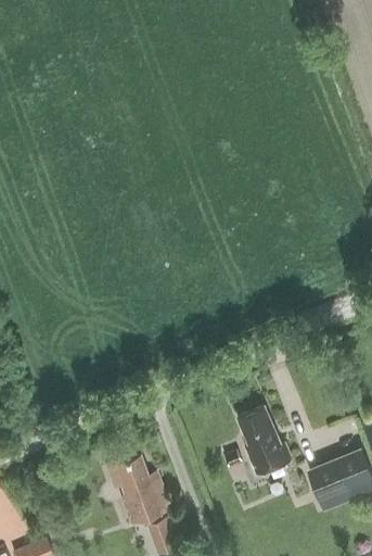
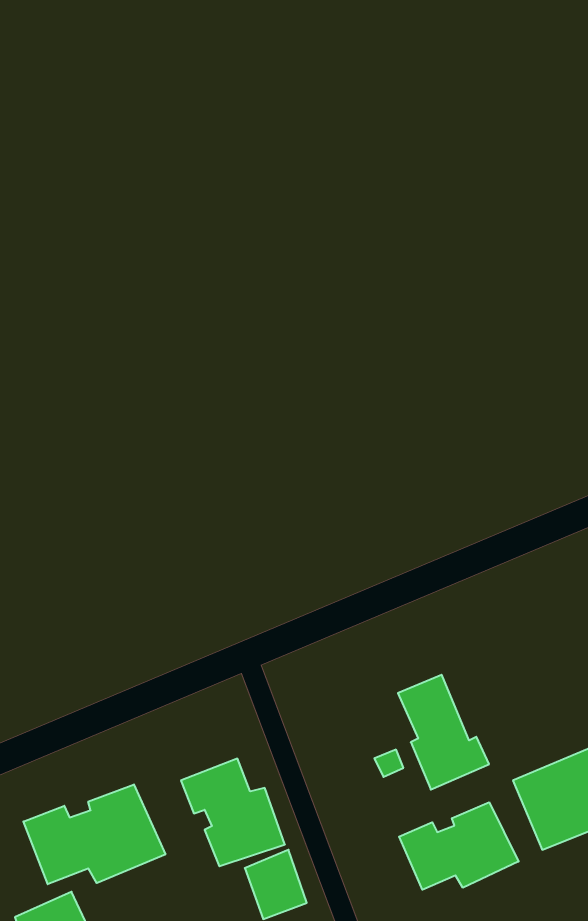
building: none -> [23,784,165,884]
building: none -> [399,802,519,890]

